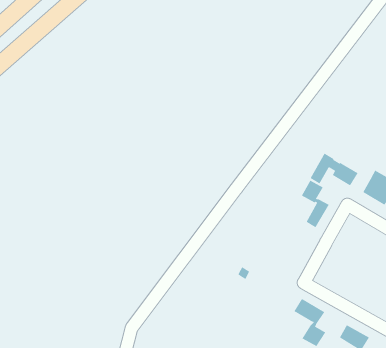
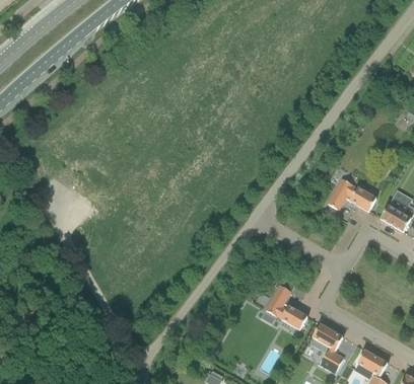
building: [301,180,330,228] -> none
building: none -> [266,285,307,329]

